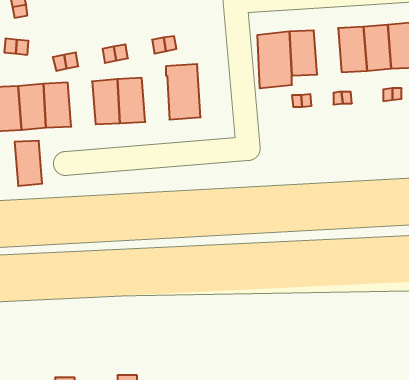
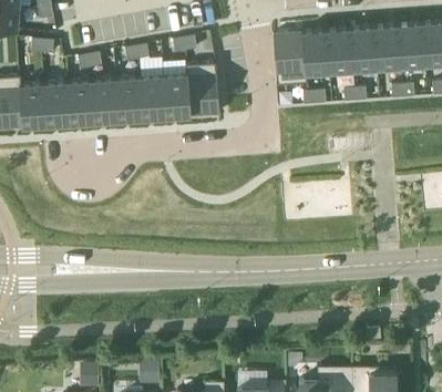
building: none -> [328,30,354,74]
building: none -> [163,75,189,120]
building: [15,141,42,186] -> [92,81,119,124]

